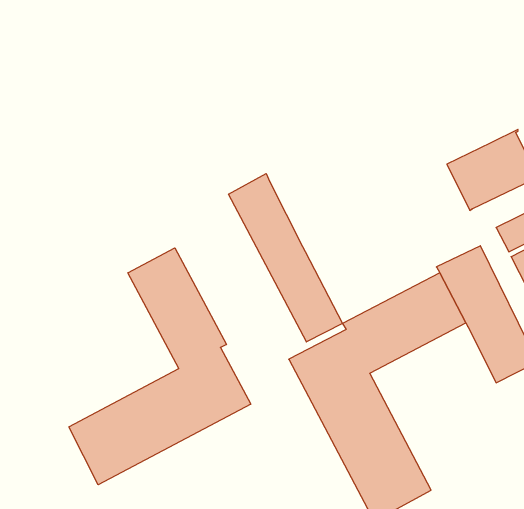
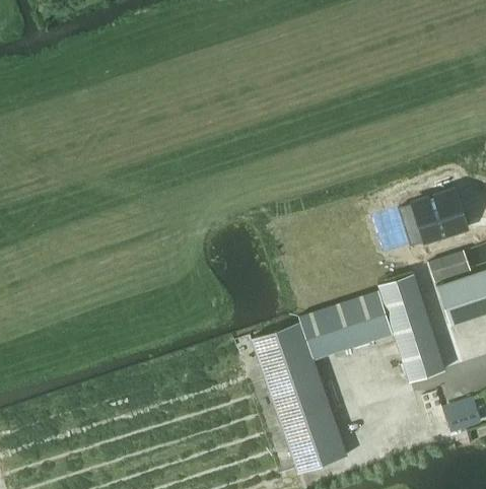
building: [229,174,342,342] -> none
building: [69,248,251,485] -> none

